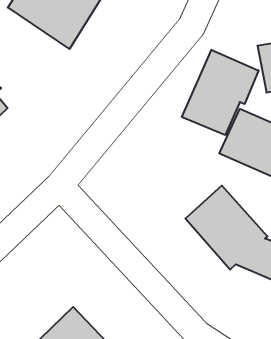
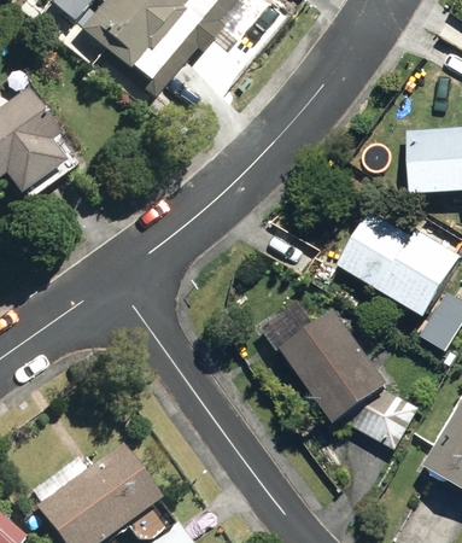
building: [182,50,259,135] -> none

